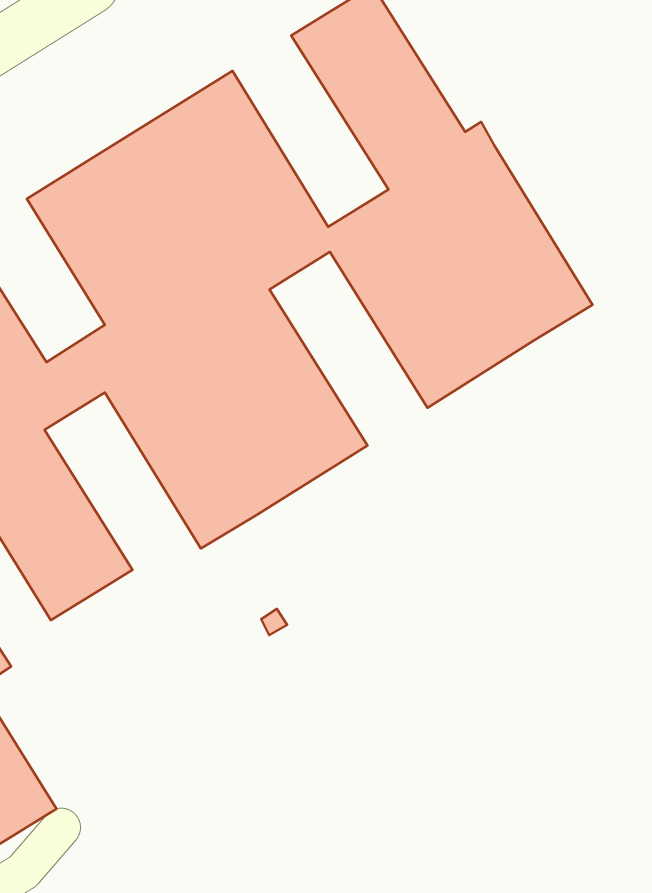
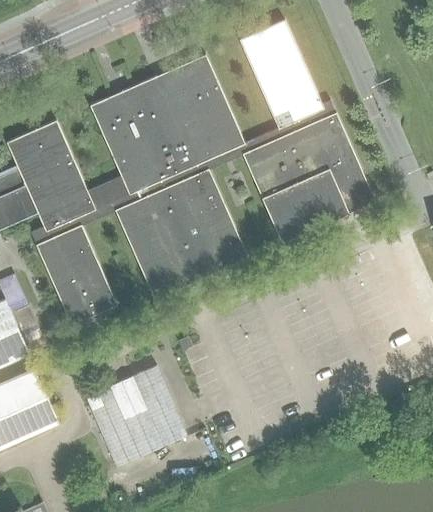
building: none -> [85,365,187,467]

